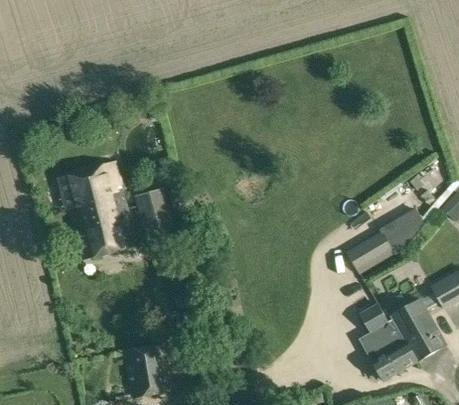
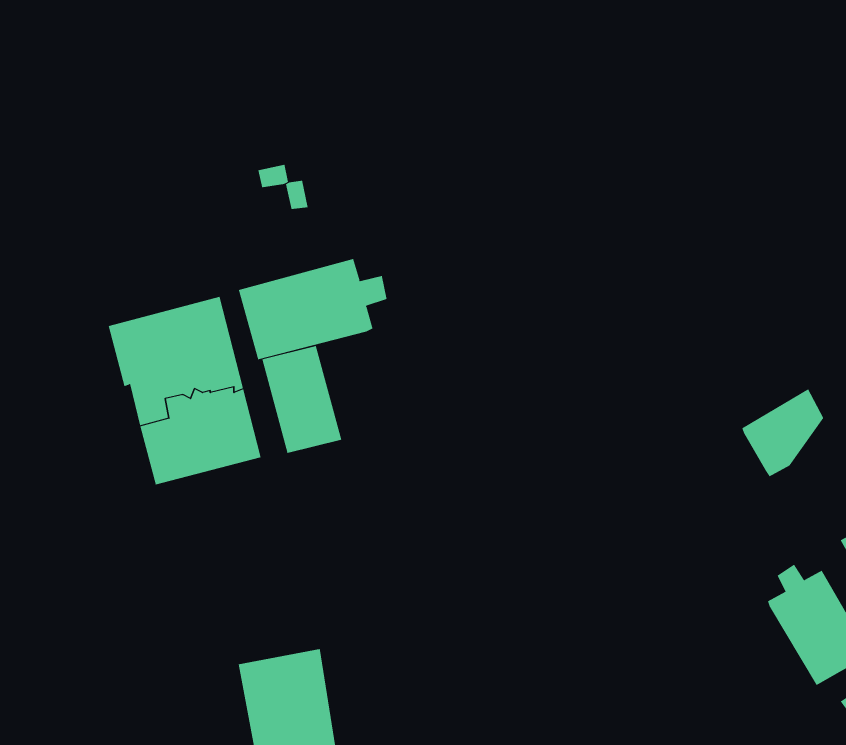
building: none -> [238,258,387,360]
building: [346,233,391,272] -> none
building: [358,303,417,381] -> none

